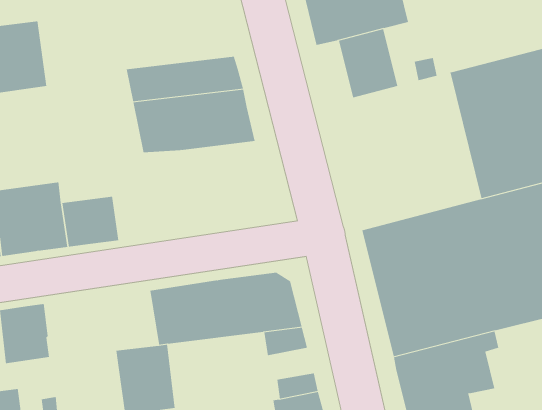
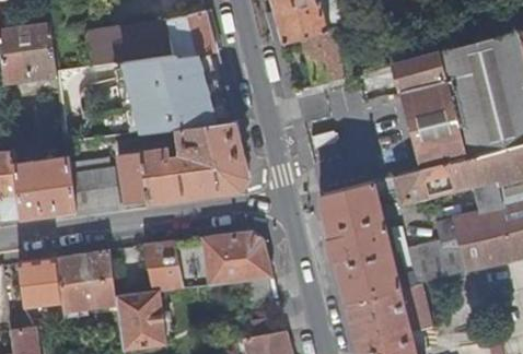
building: none -> [88,10,214,63]
building: none -> [116,121,245,203]
building: none -> [56,250,117,317]

